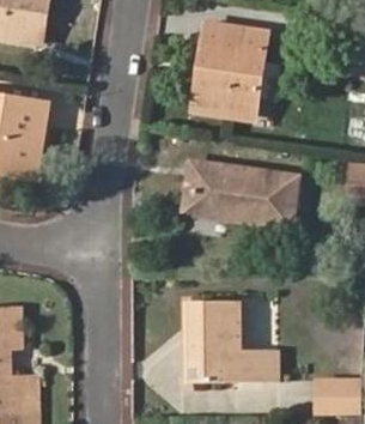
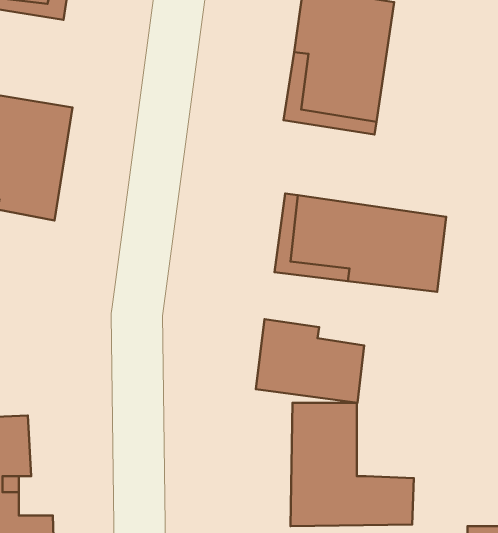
building: none -> [256,319,364,403]

